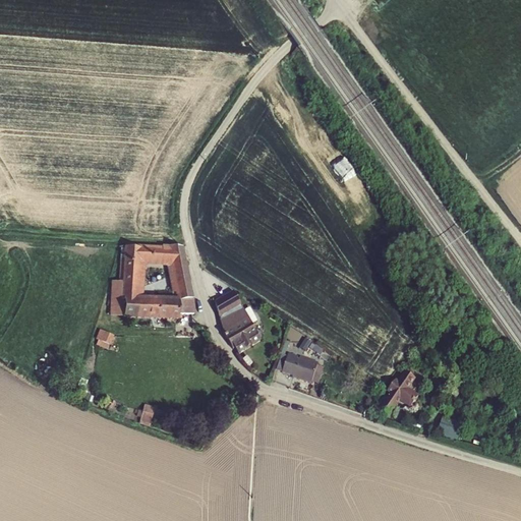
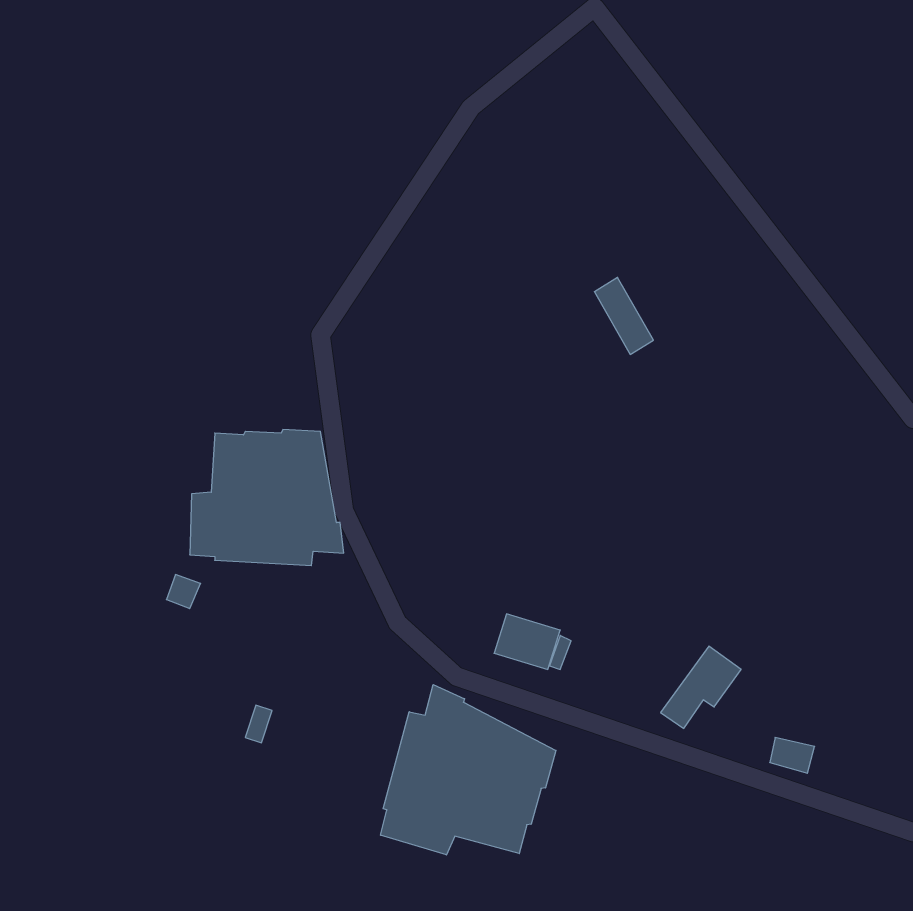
building: [212,289,262,351] -> none
building: none -> [381,685,556,855]

